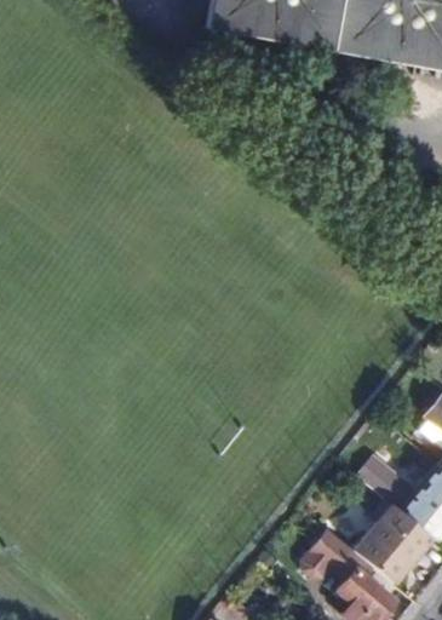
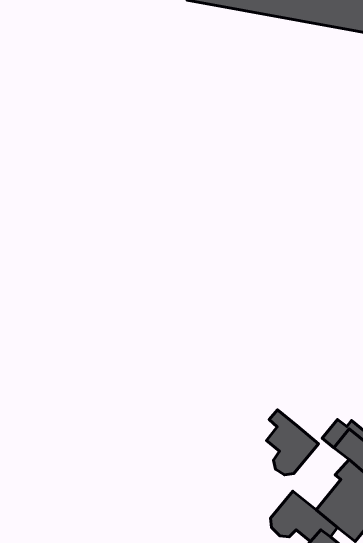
building: none -> [267,410,318,475]

